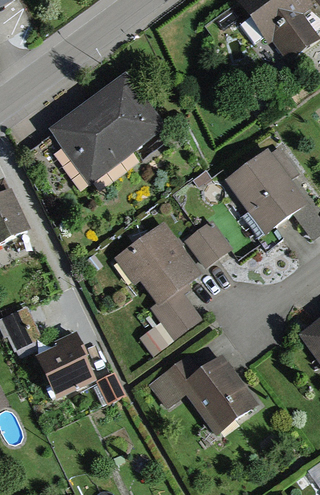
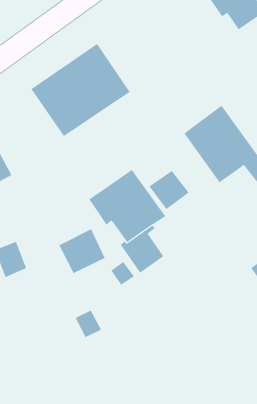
building: [39,330,93,382] -> [58,229,105,274]
building: [145,353,259,434] -> none

